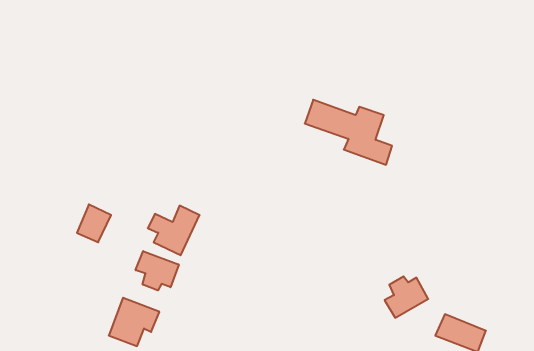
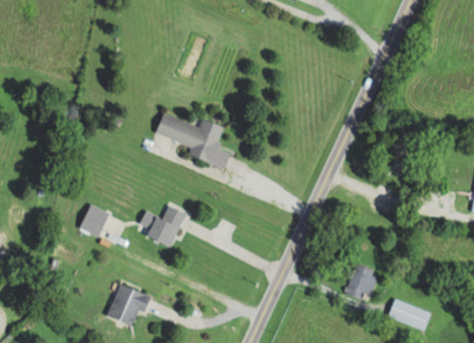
building: [305,100,392,165] -> [156,113,230,169]
building: [136,251,179,290] -> none

